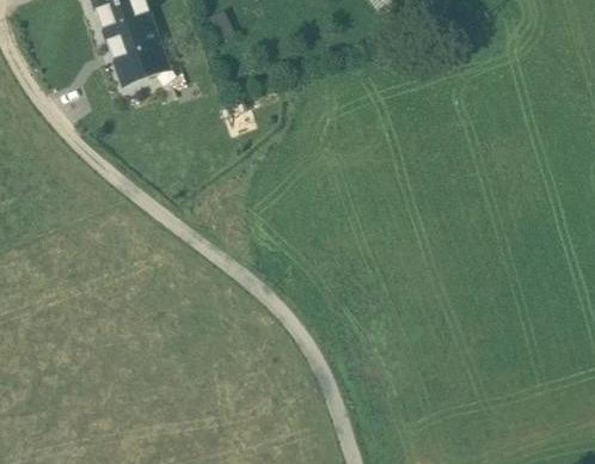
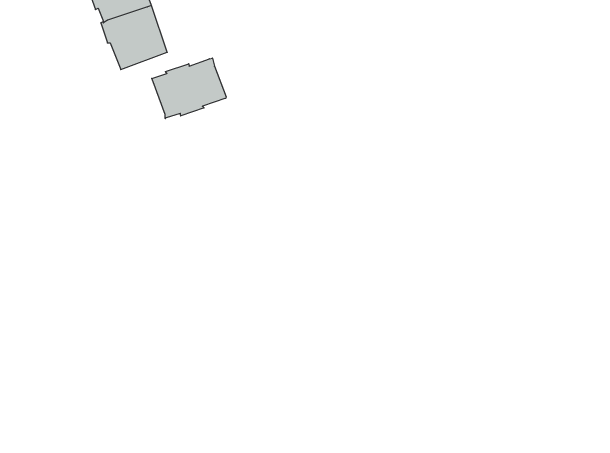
building: none -> [152,58,226,119]

